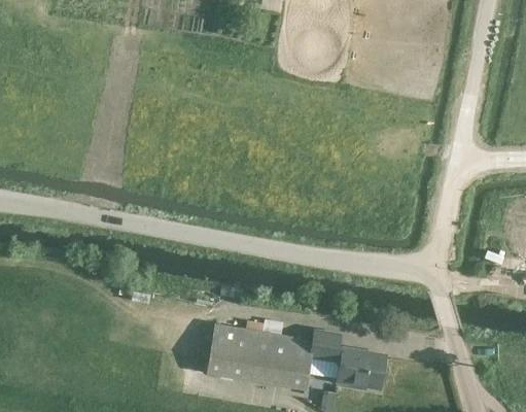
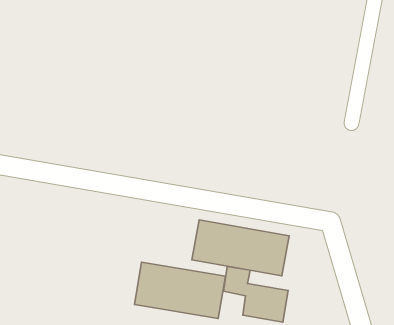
building: none -> [192,220,289,276]

